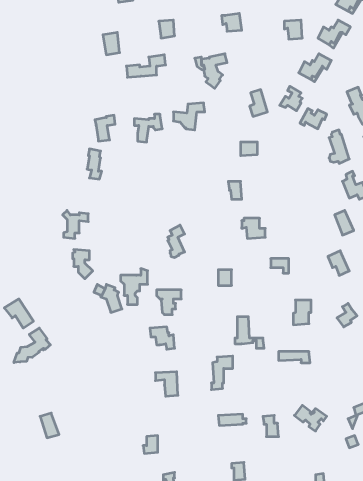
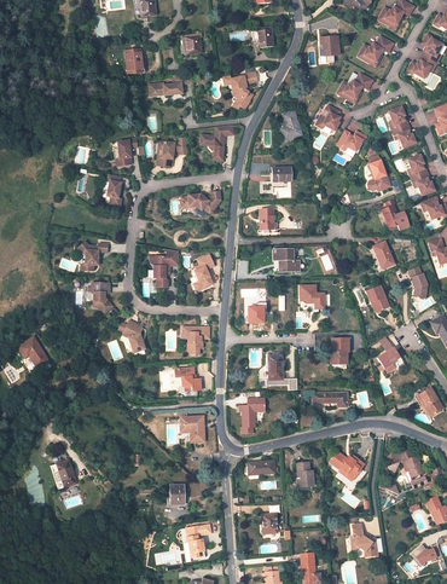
building: none -> [179,191,220,214]
building: [121,269,148,304] -> [149,250,178,289]
building: [14,328,50,363] -> none

